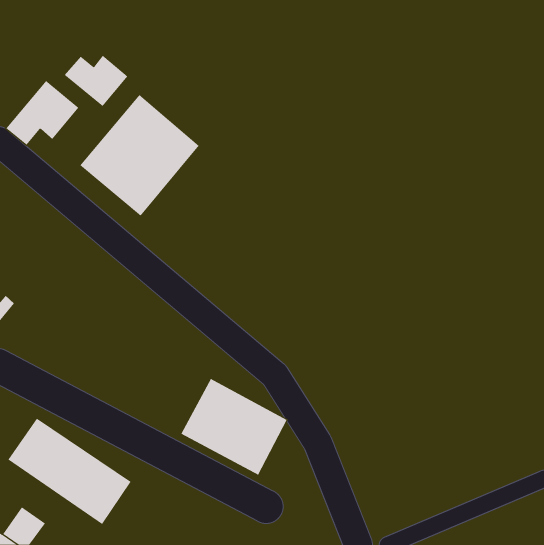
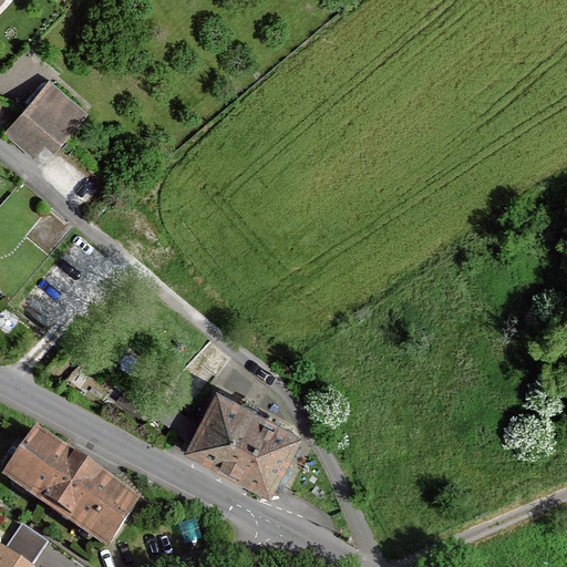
building: [64,55,128,107] -> none
building: [80,94,200,217] -> none

